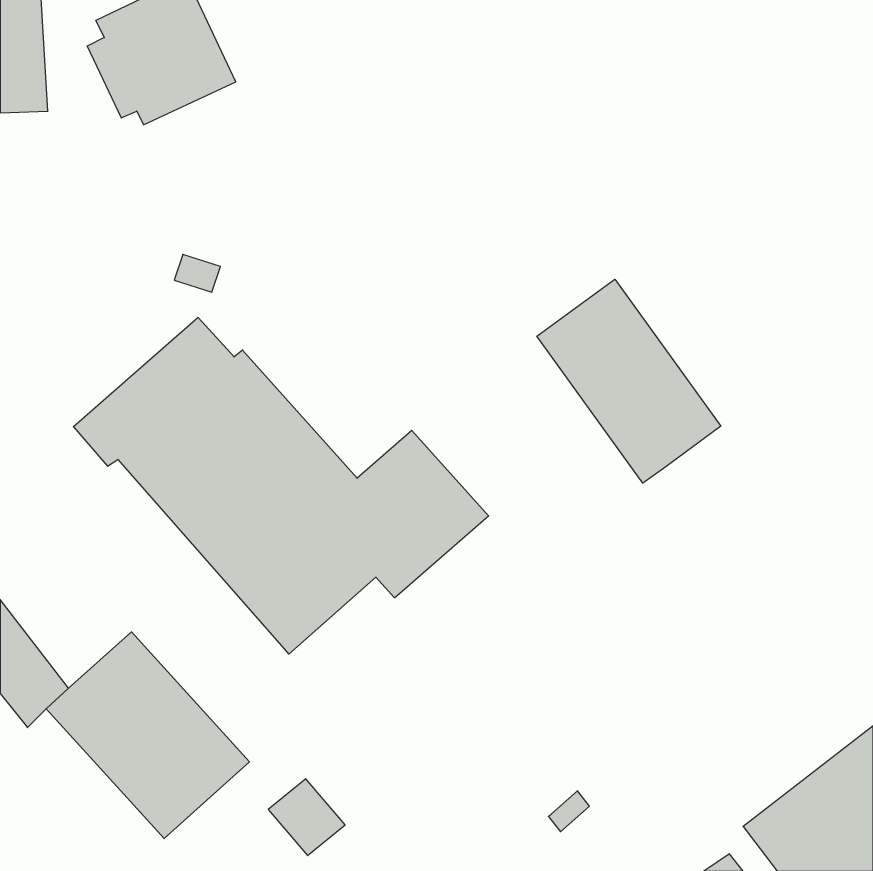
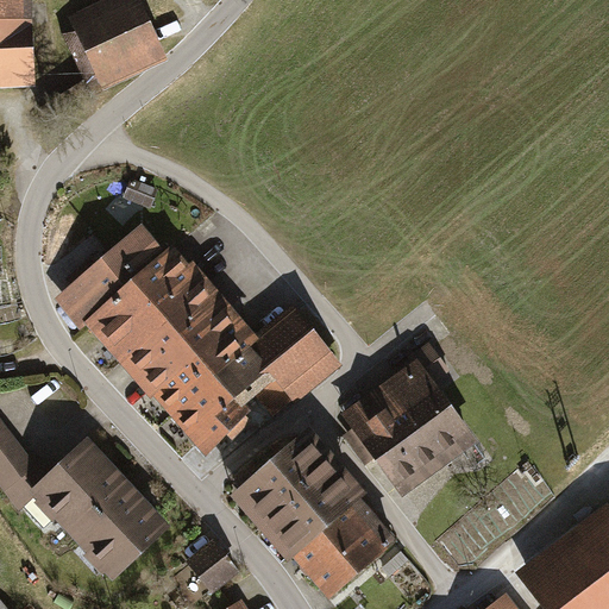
building: [537,279,721,483] -> none
building: none -> [338,345,477,496]
building: none -> [226,426,395,597]

